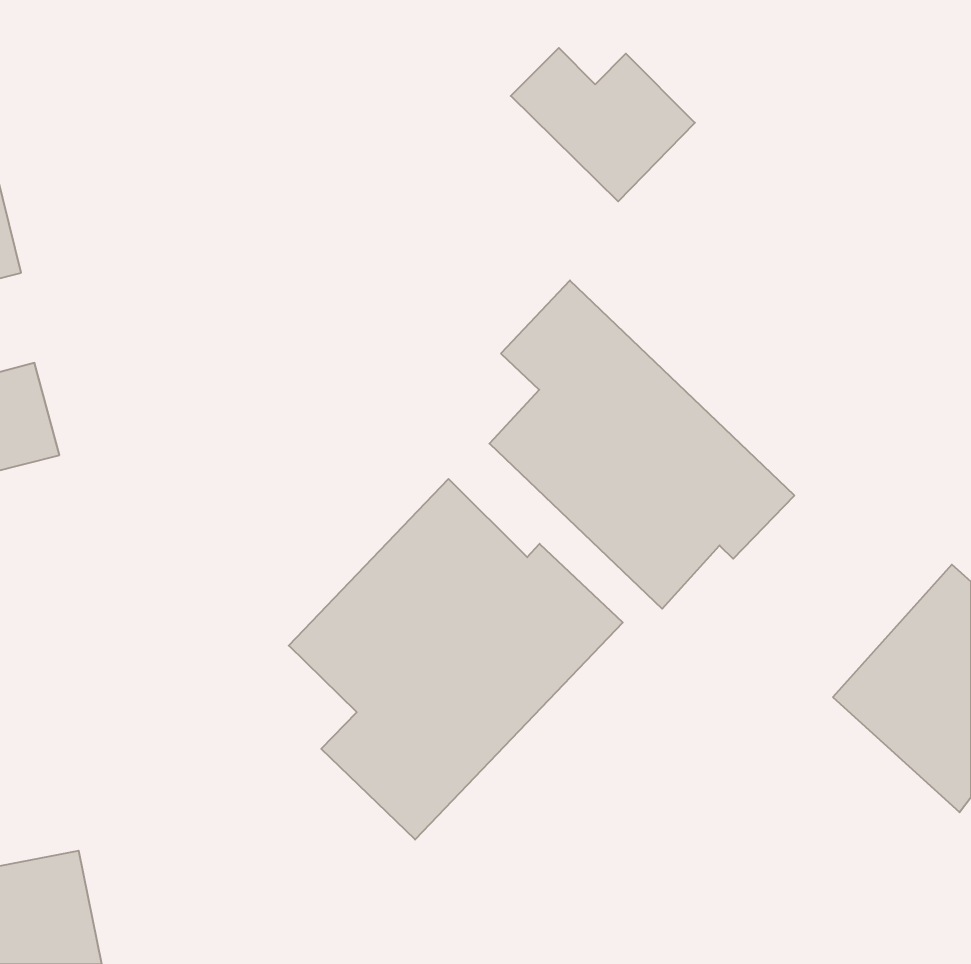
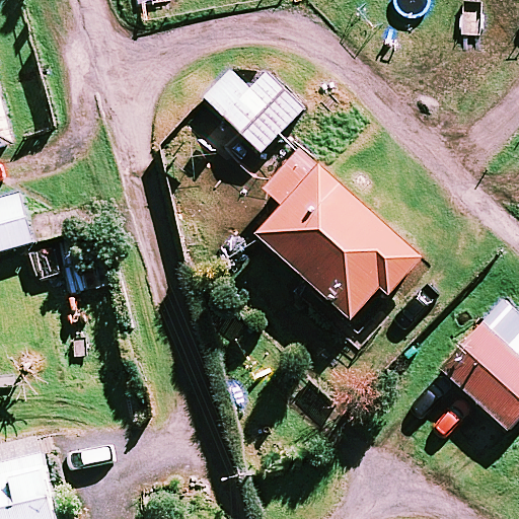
building: [511,48,695,201] -> [203,68,300,149]
building: [289,479,623,840] -> none

